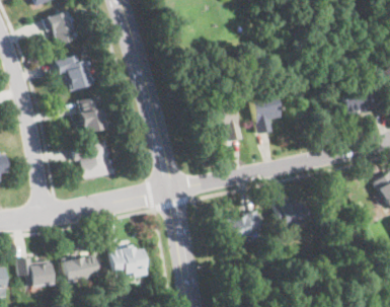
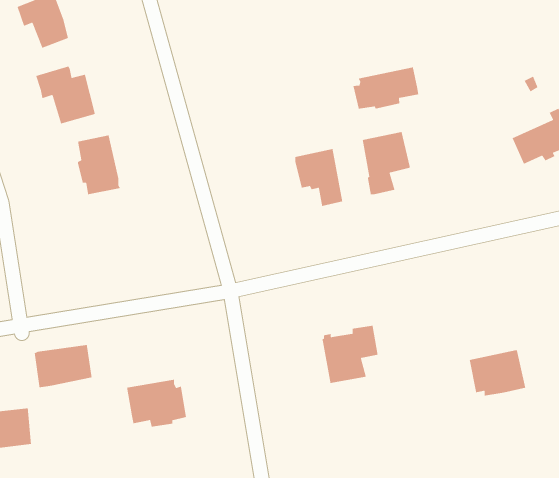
building: none -> [353,67,419,110]
building: [73,140,114,178] -> none
building: [275,198,309,226] -> [469,349,526,397]
building: [64,255,99,282] -> [34,344,93,388]

